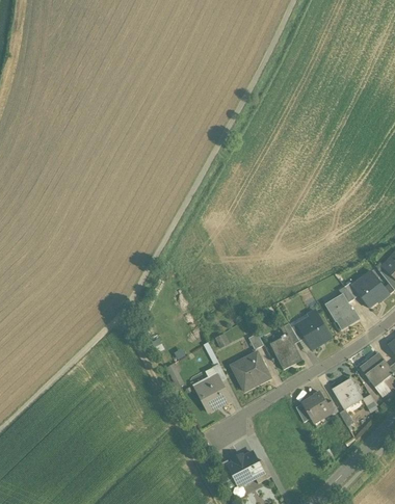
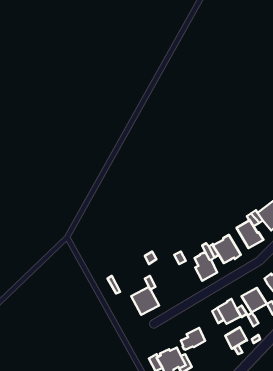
building: [234,350,270,390] -> none
building: none -> [225,327,247,349]
building: none -> [181,328,205,350]

